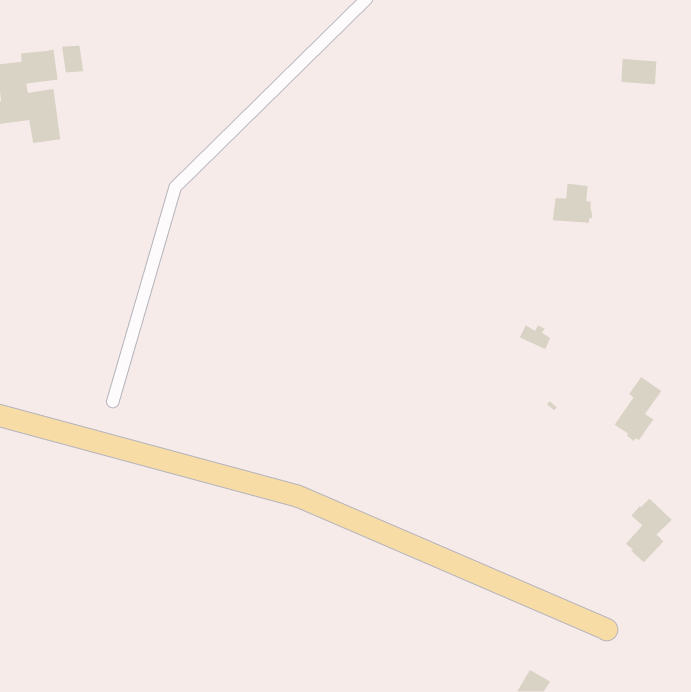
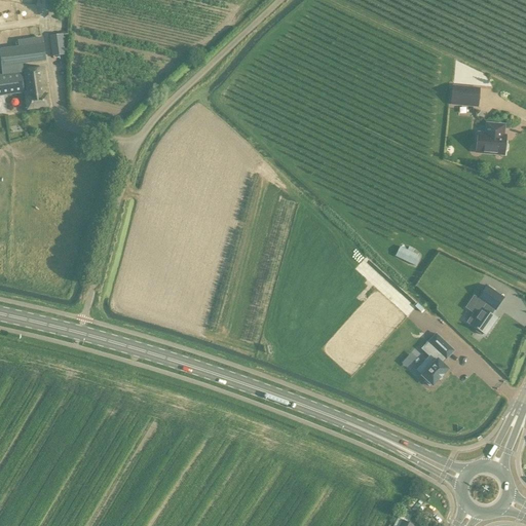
building: [620,58,657,85] -> [449,85,477,106]
building: [552,183,593,223] -> [474,122,504,153]
building: [625,498,672,563] -> [415,334,451,383]

